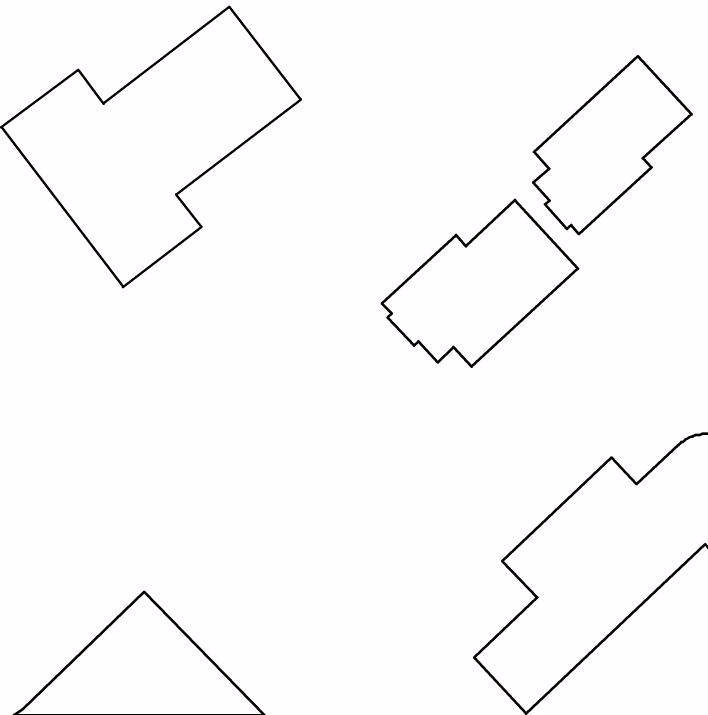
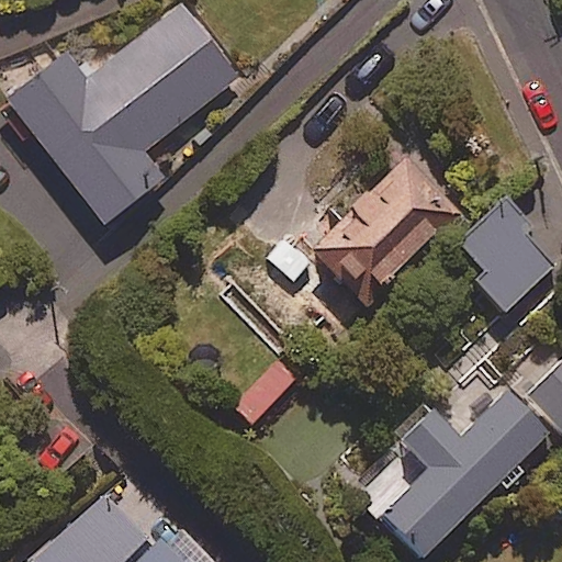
building: [533,56,692,234] -> none
building: none -> [457,198,553,314]

